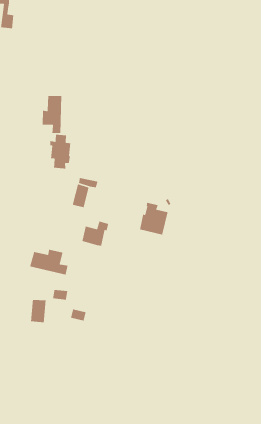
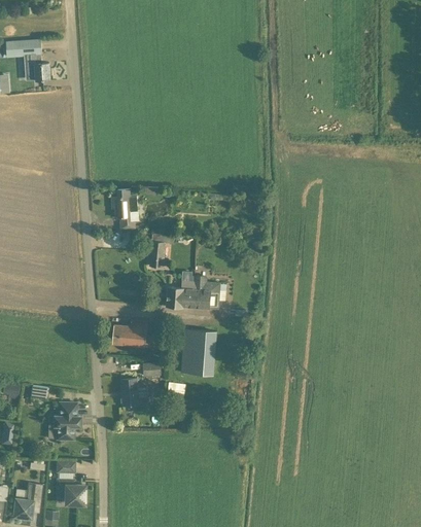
building: [42,95,62,134] -> none
building: [139,202,169,236] -> [189,275,219,310]
building: none -> [181,328,216,374]

